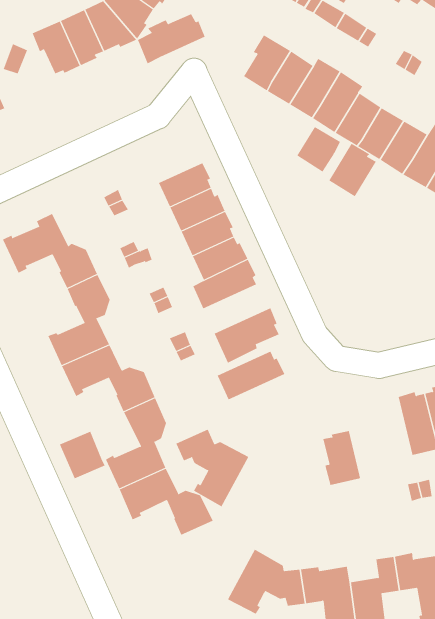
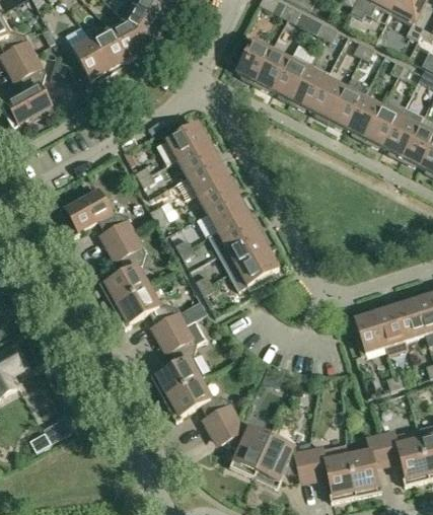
building: [137,14,206,64] -> [157,122,210,163]
building: [297,126,341,173] -> none
building: [329,143,377,197] -> none
building: [217,351,285,400] -> [218,230,271,271]
building: [176,429,249,507] -> [214,416,272,475]
building: [323,430,364,489] -> [354,309,388,354]
building: [59,431,106,479] -> none

